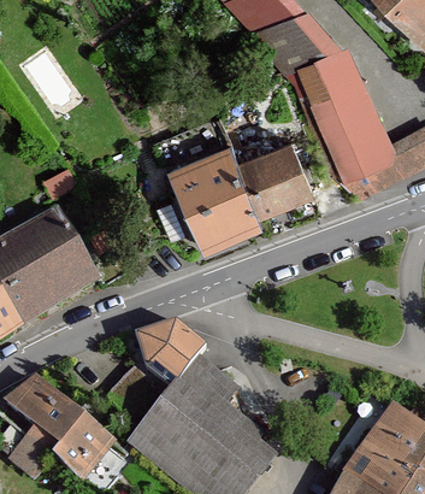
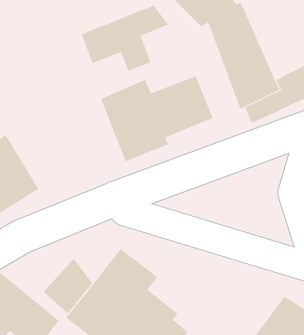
building: none -> [81,5,169,72]
building: [135,317,202,376] -> none

